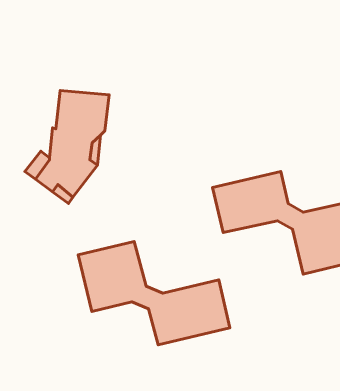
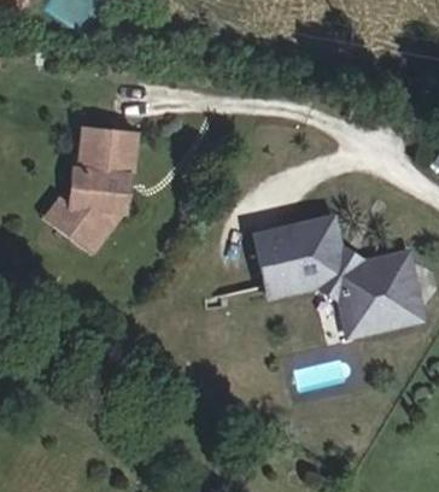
building: [78,242,230,345] -> none

